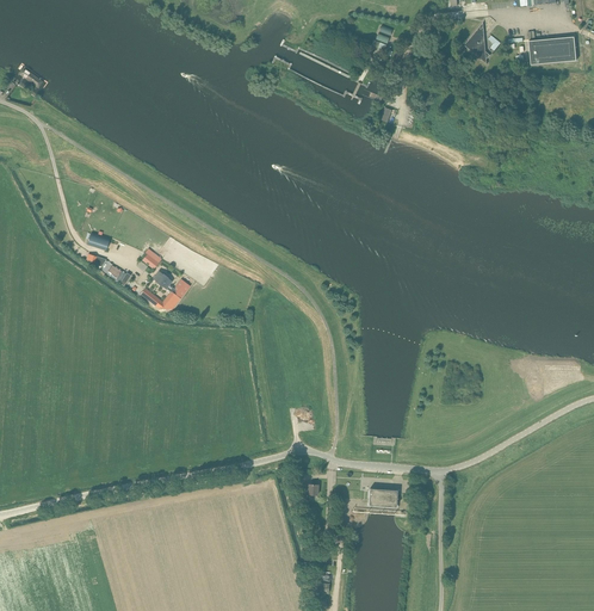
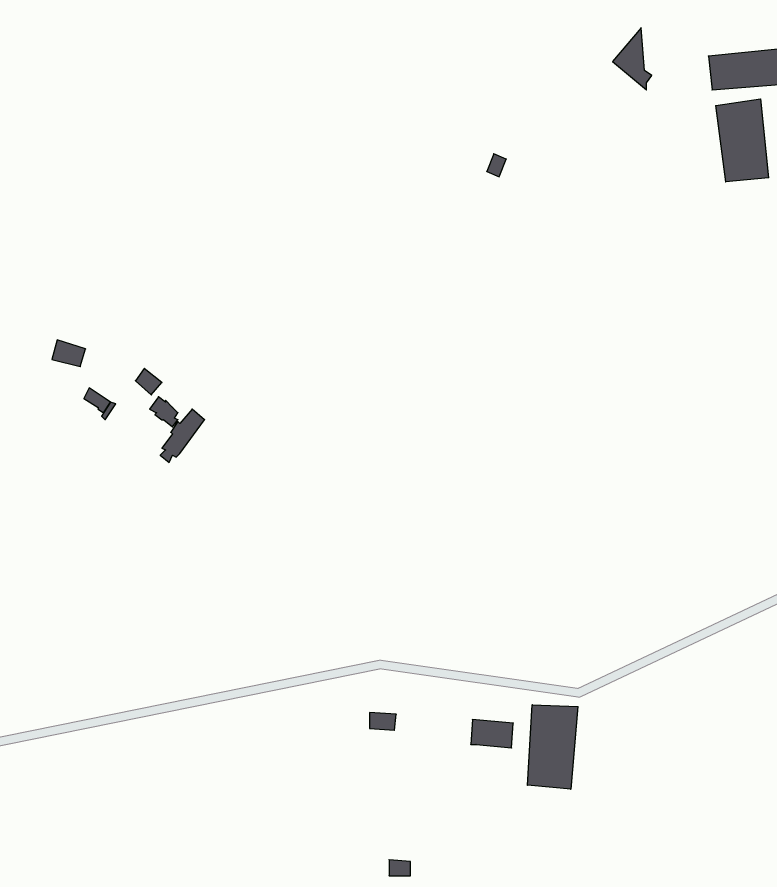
building: none -> [716,99,769,182]
building: none -> [527,705,578,789]

